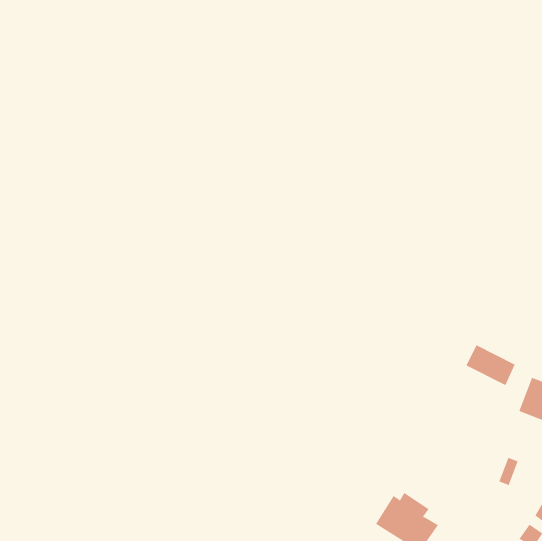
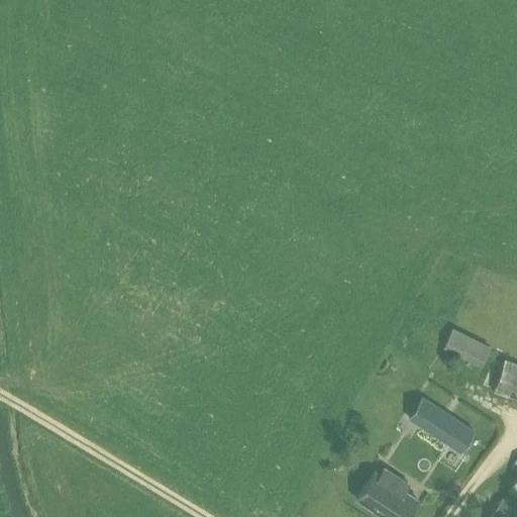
building: none -> [417,399,475,451]

